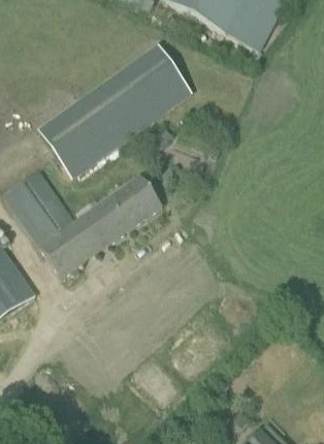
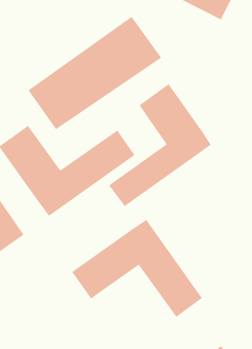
building: none -> [108,83,212,207]
building: none -> [71,219,203,318]

